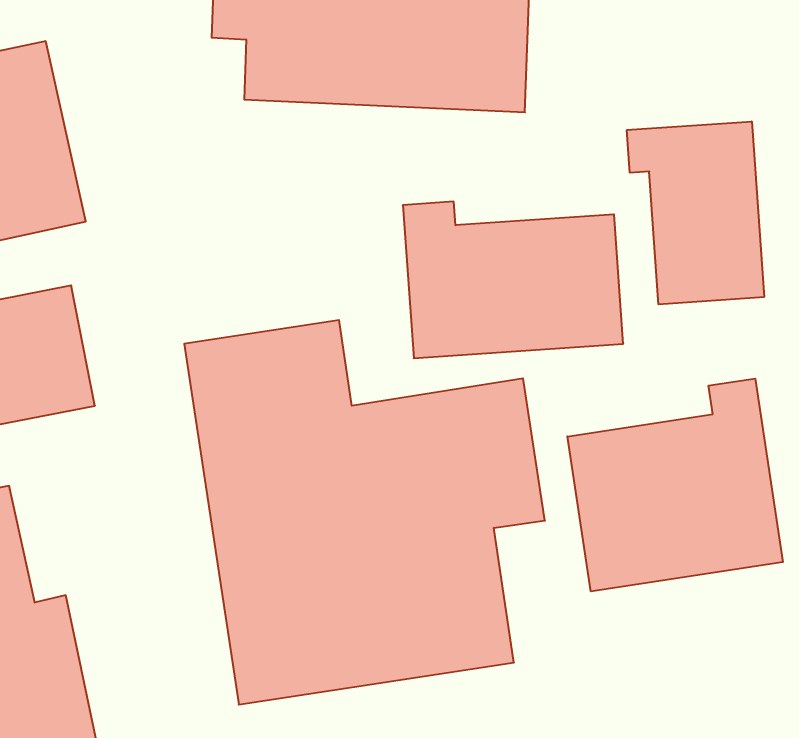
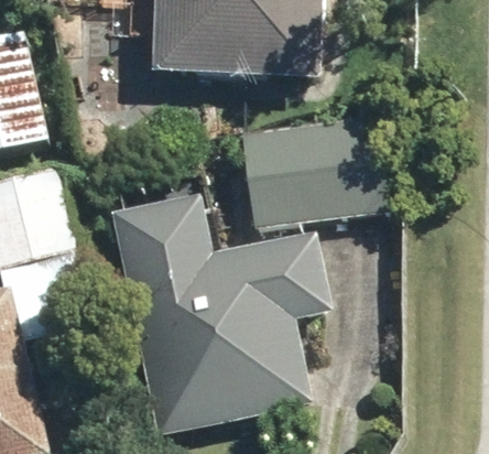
building: [627,121,764,304] -> none
building: [567,379,783,591] -> none

